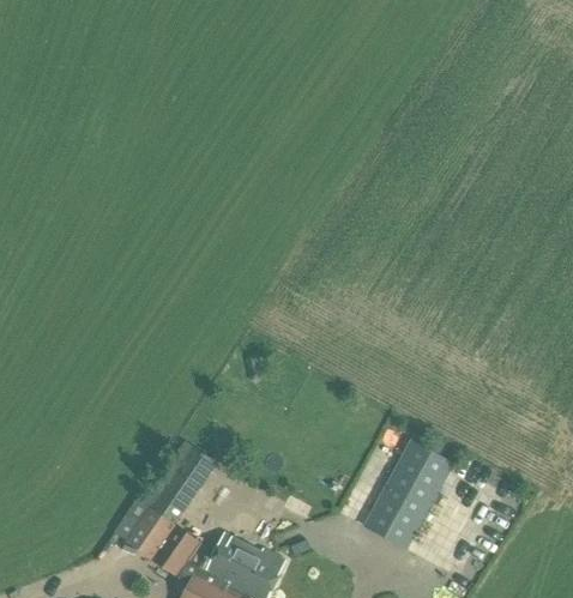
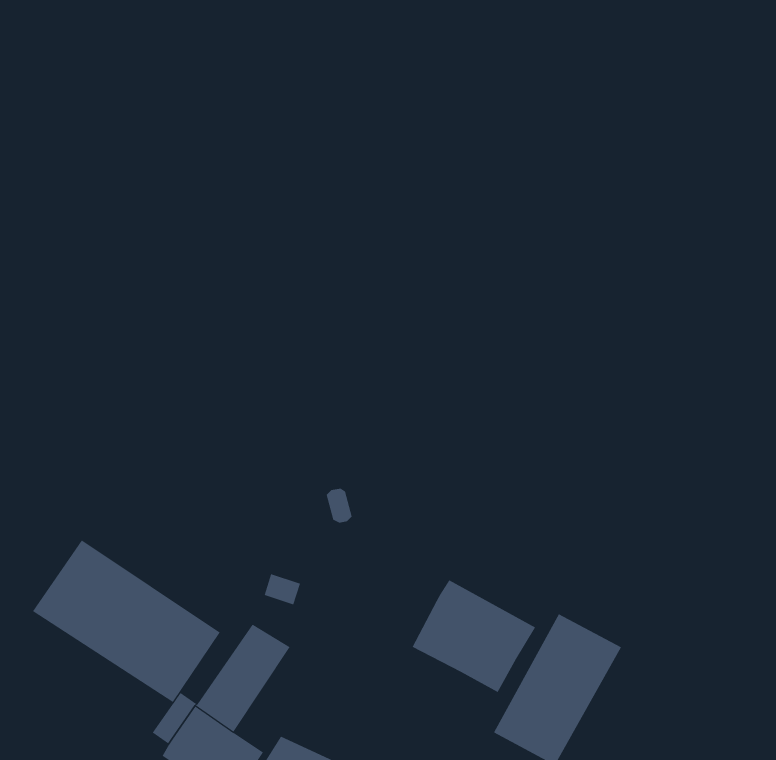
building: none -> [32,540,221,703]
building: none -> [412,579,536,693]

